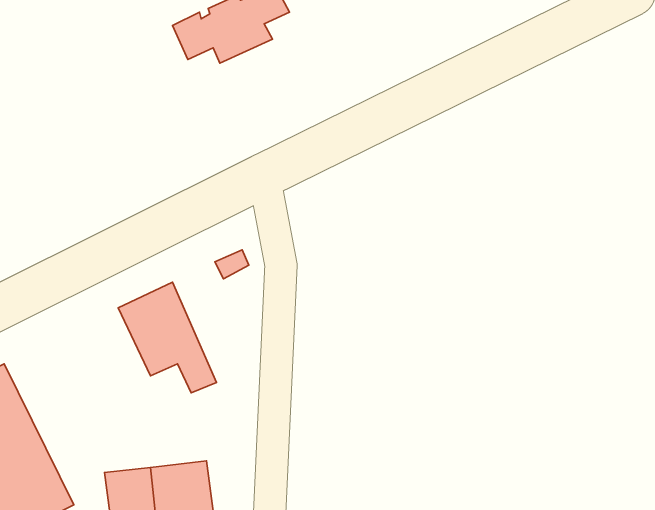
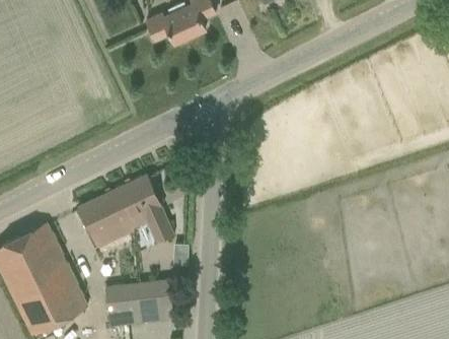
building: none -> [79,190,134,248]

